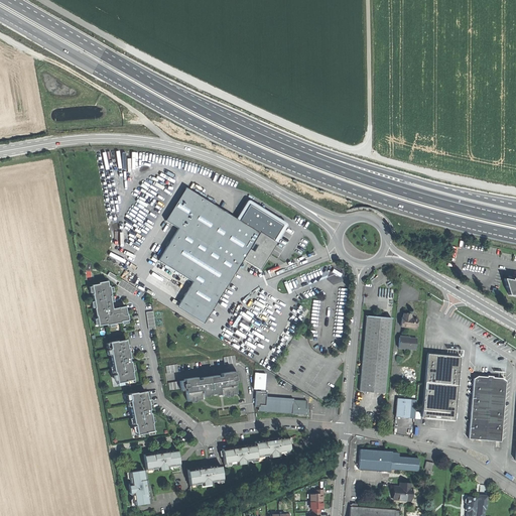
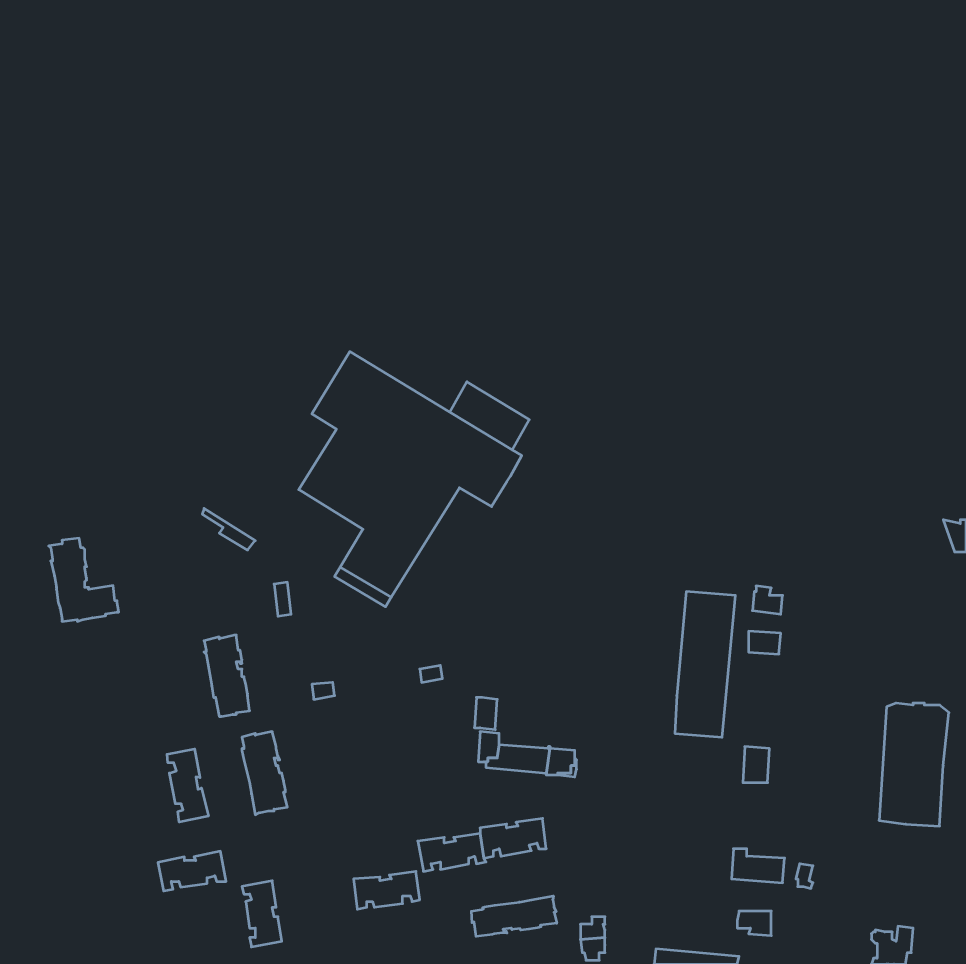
building: [91,280,128,325] -> [49,538,119,621]
building: [421,353,460,419] -> none
building: [180,371,239,401] -> none
building: none -> [167,749,208,822]
building: [144,448,180,470] -> [158,851,226,891]
building: [359,448,391,471] -> none
building: none -> [471,896,557,936]

